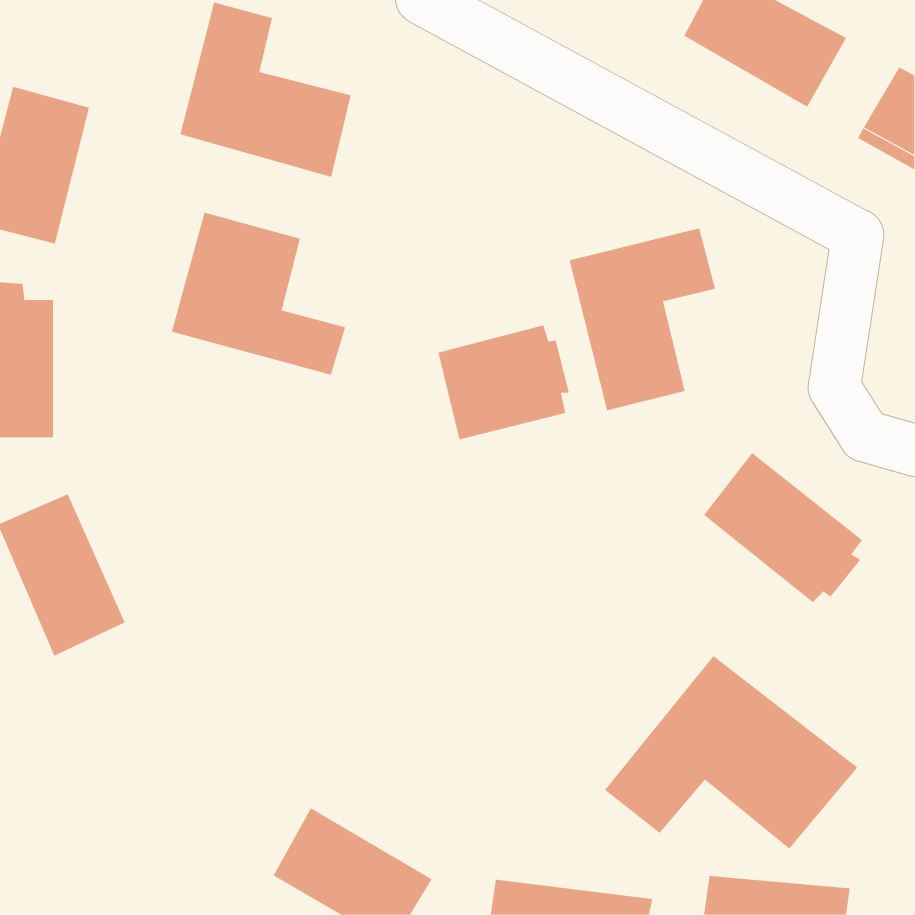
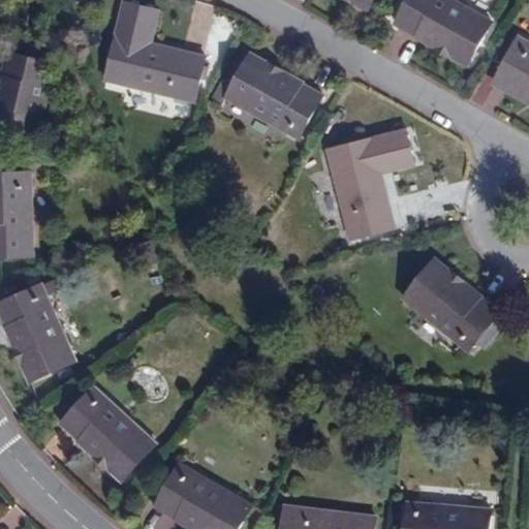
building: none -> [210,56,321,136]
building: [171,212,346,376] -> none
building: [438,325,570,440] -> none
building: [604,655,858,850] -> none
building: none -> [62,388,152,478]

